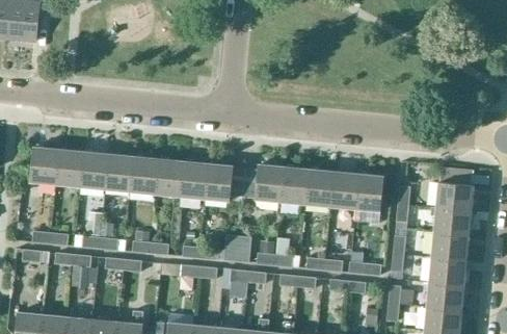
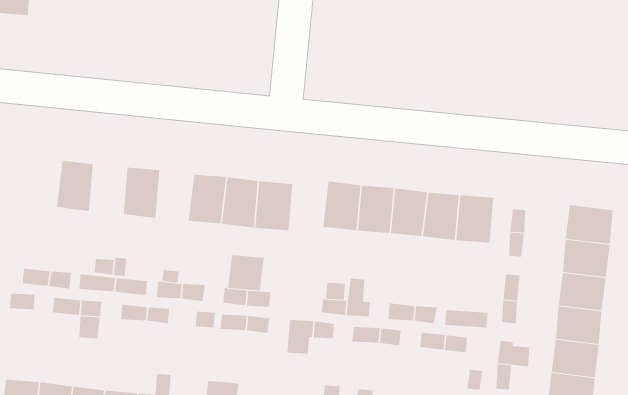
building: [31,147,60,184] -> none
building: [81,152,109,189] -> none
building: [131,156,159,195] -> none
building: [222,234,250,261] -> [227,255,265,291]

